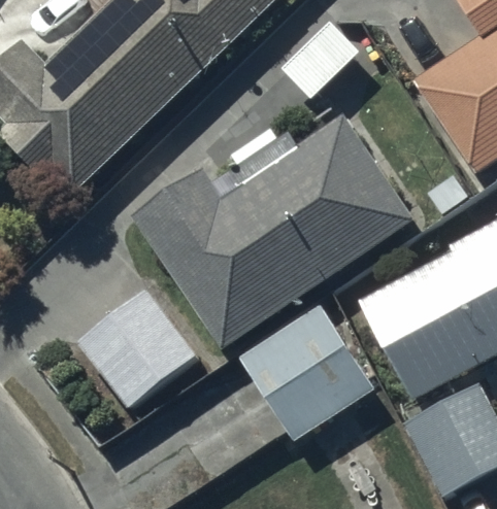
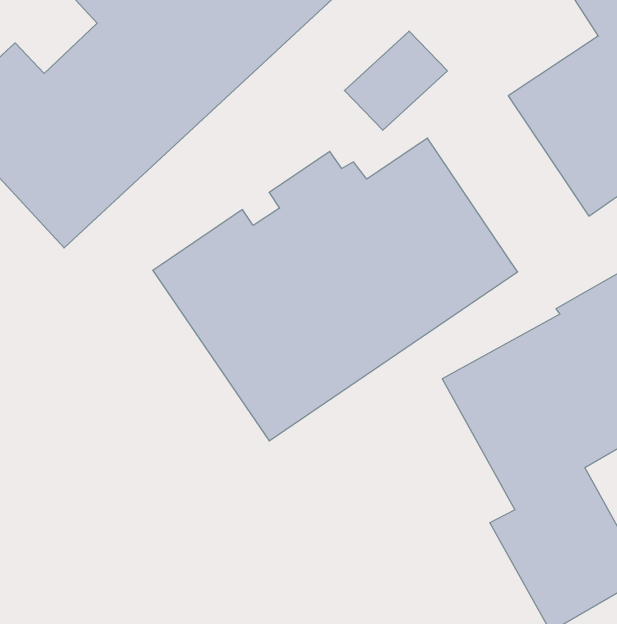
building: [74,286,200,410] -> none
building: [238,303,377,443] -> none

